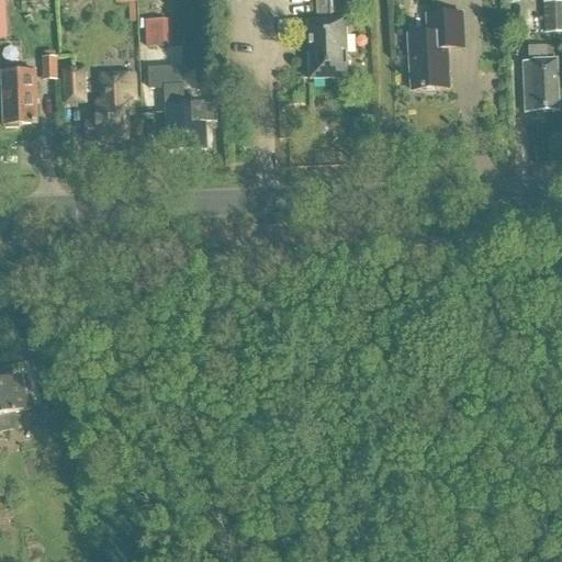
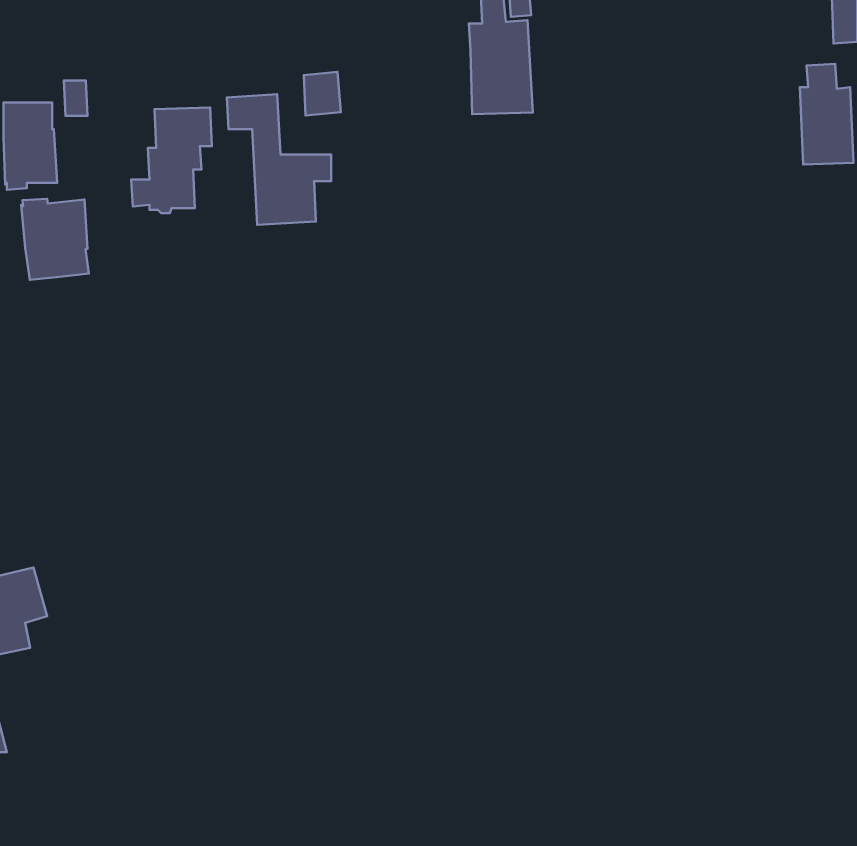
building: [408,8,464,86] -> none
building: [145,14,169,43] -> [304,72,341,115]
building: [65,65,85,98] -> none
building: none -> [21,199,89,280]

